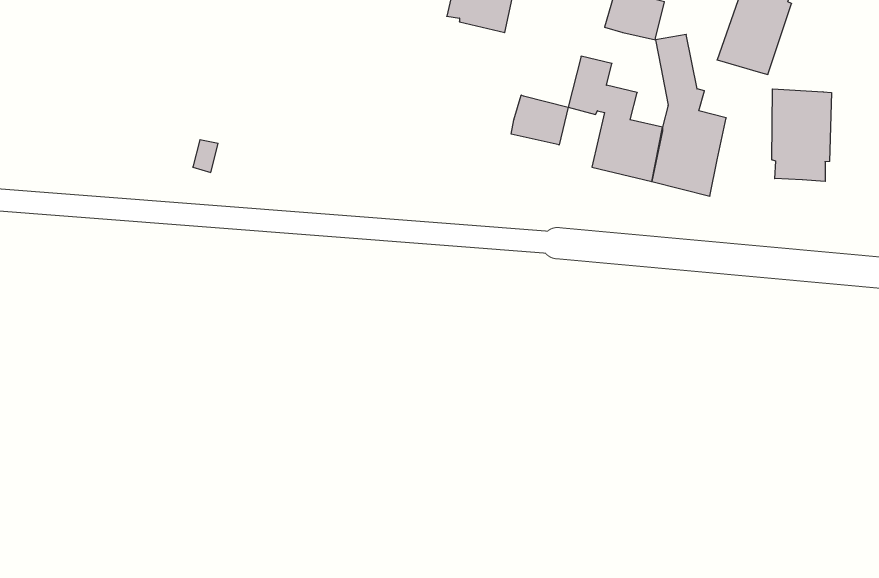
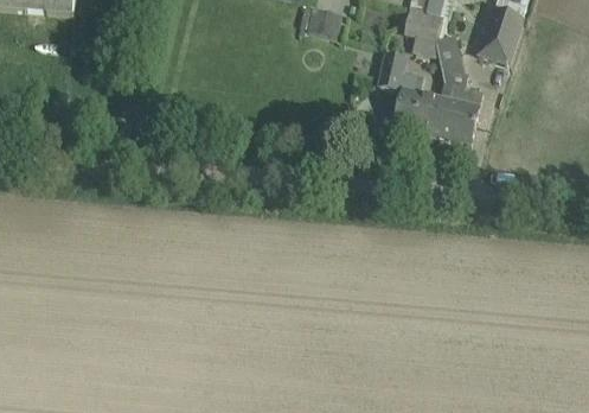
building: [772,89,831,181] -> none
building: [511,95,568,145] -> none

